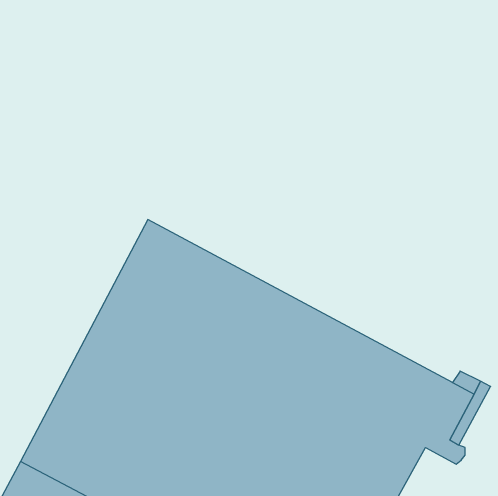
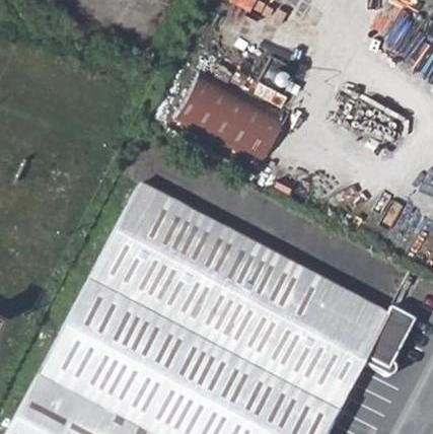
building: none -> [175,69,287,162]

